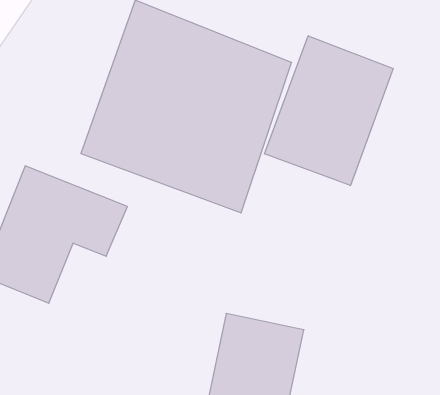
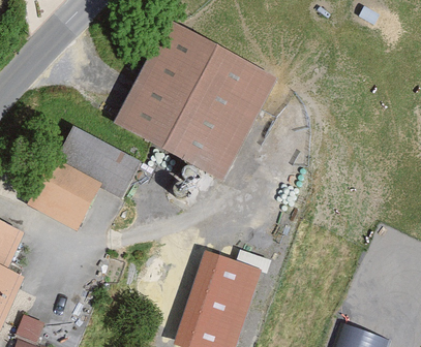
building: [264,36,393,186] -> none

